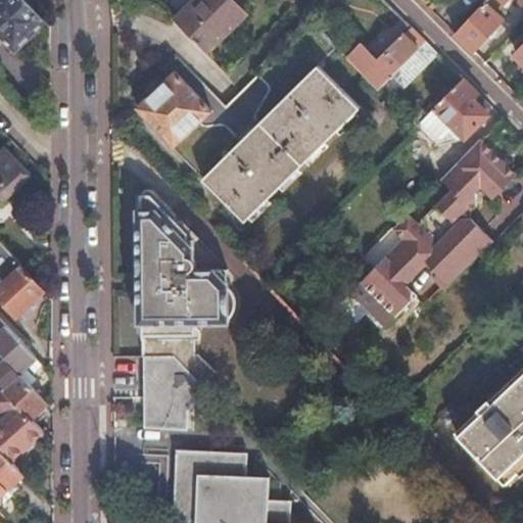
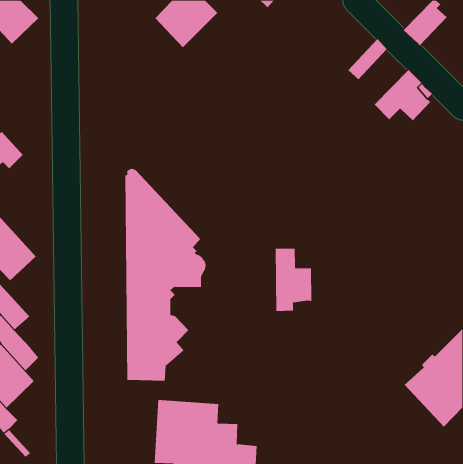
building: [344,28,422,89] -> none
building: [203,67,360,225] -> none
building: [136,73,209,147] -> none
building: [360,139,513,317] -> none
building: none -> [275,248,312,312]

